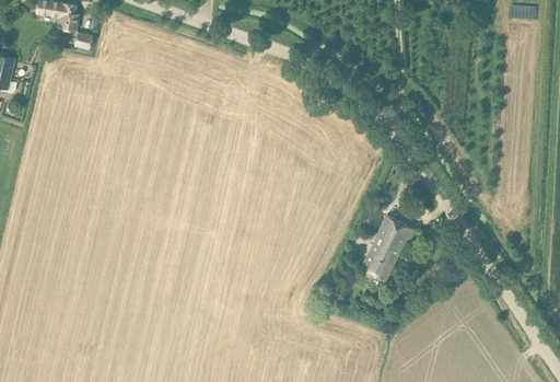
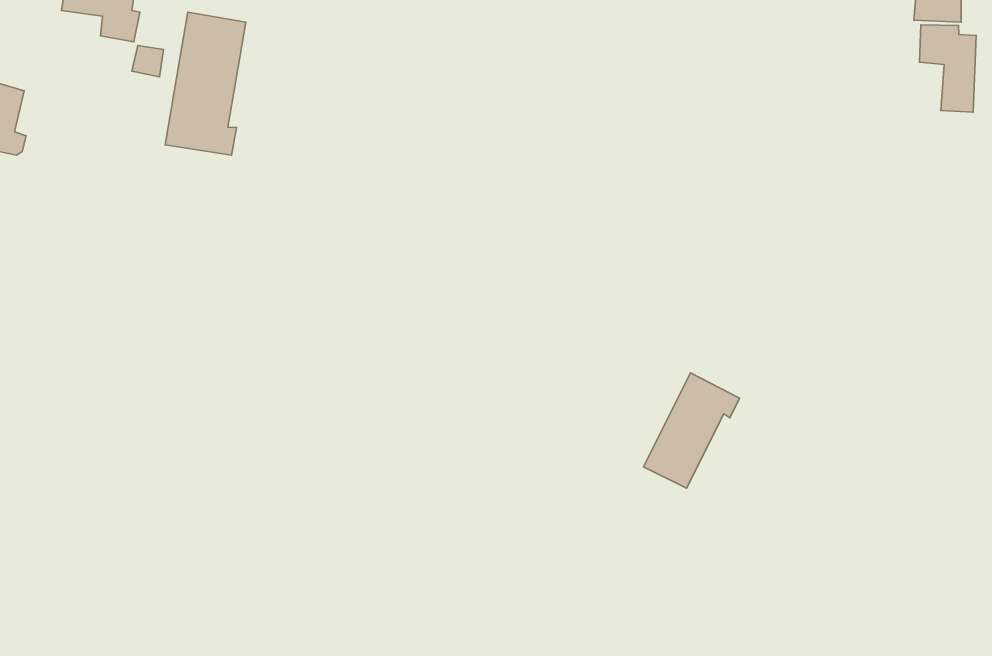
building: none -> [165,12,246,155]
building: none -> [920,25,976,112]

